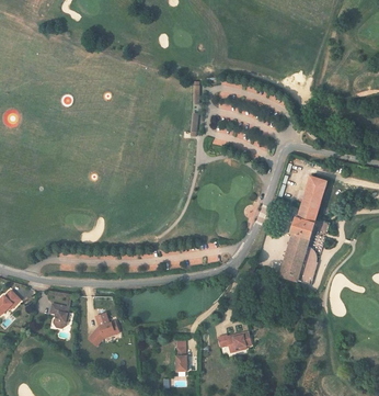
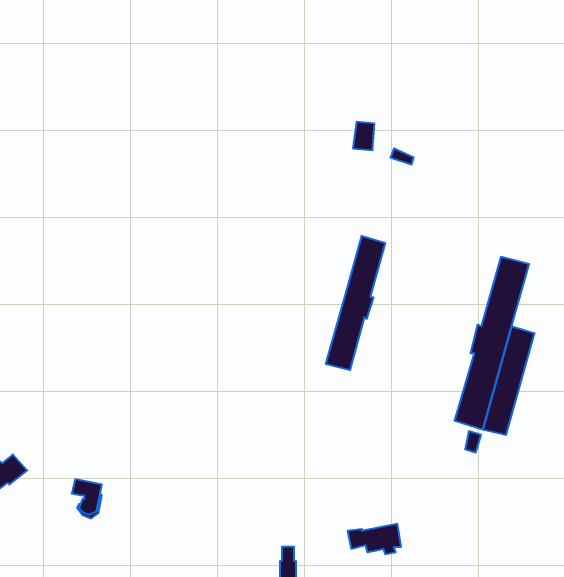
building: none -> [326,236,385,370]
building: [85,313,115,346] -> none

